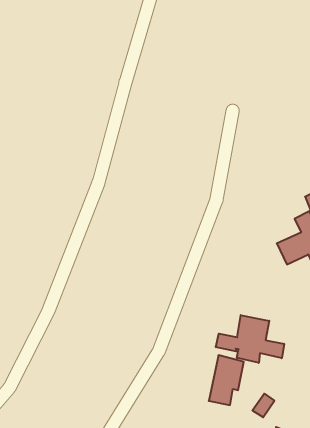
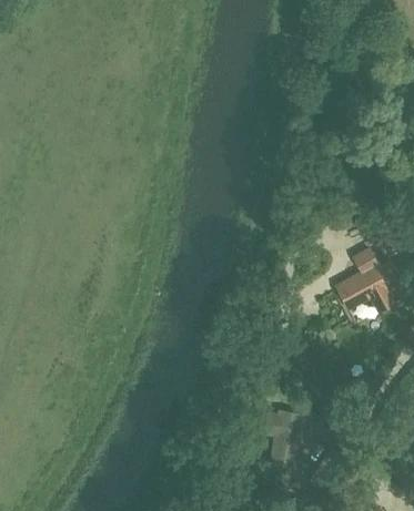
building: [216,315,284,363] -> none

